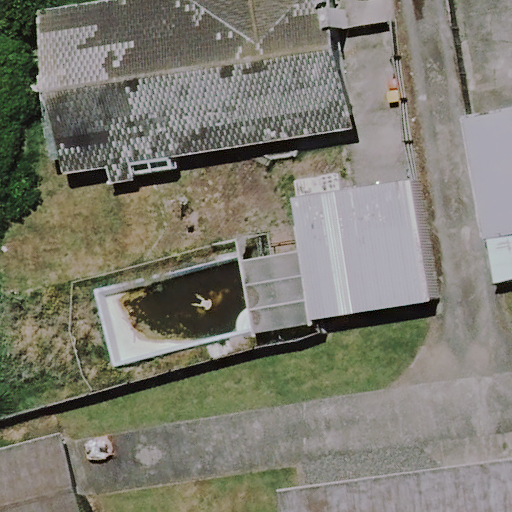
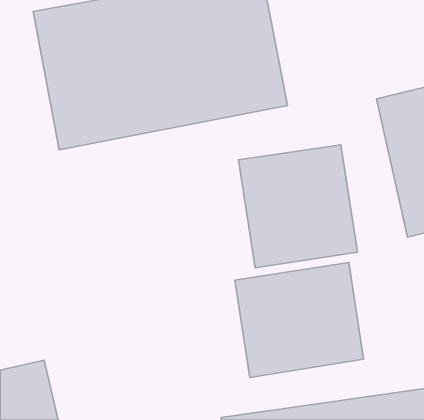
building: none -> [235,263,364,377]

